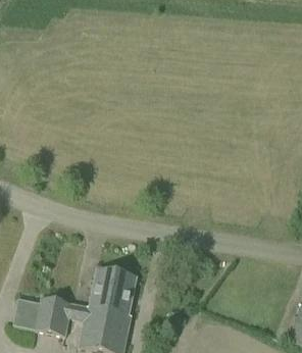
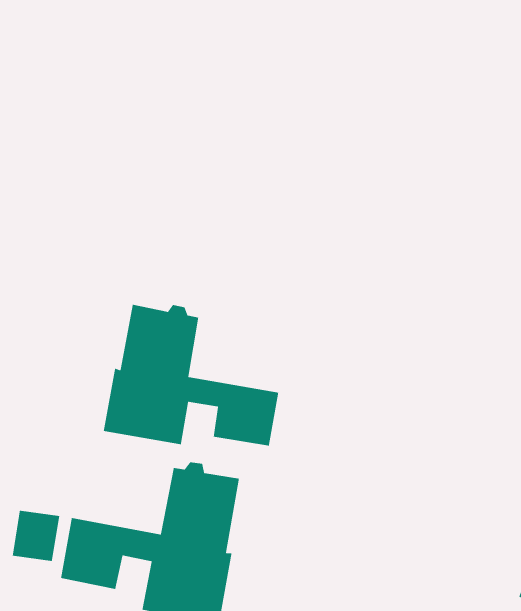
building: none -> [103,304,279,446]

